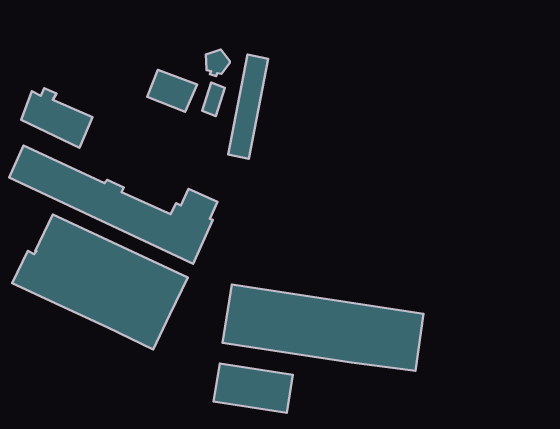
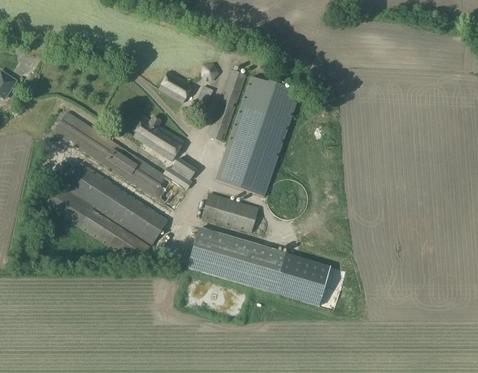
building: none -> [215,76,299,198]
building: [21,88,93,148] -> [133,115,183,160]
building: [213,363,293,413] -> [200,191,258,232]

